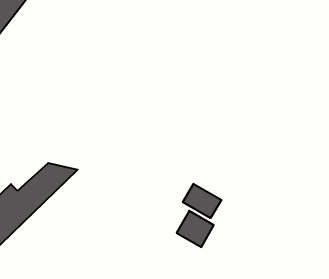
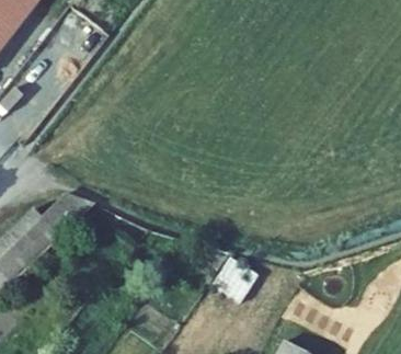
building: [183,184,221,218] -> none

